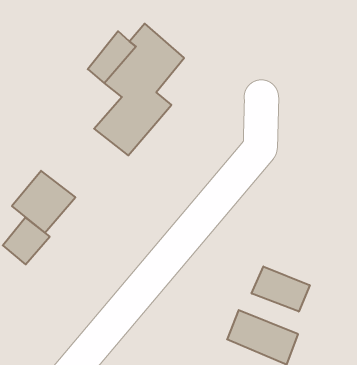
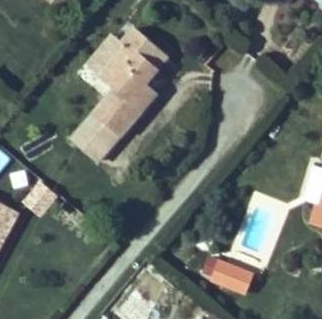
building: [12,171,75,233] -> [71,112,121,161]
building: [252,266,310,312] -> none

